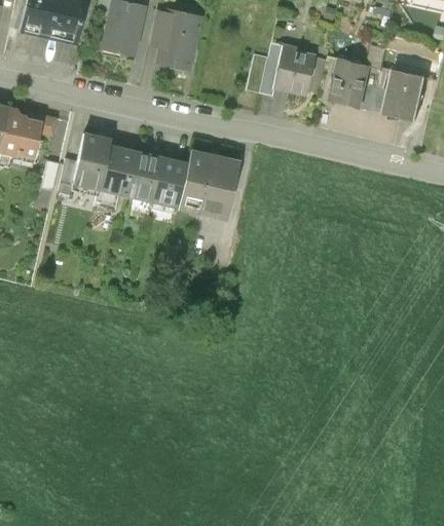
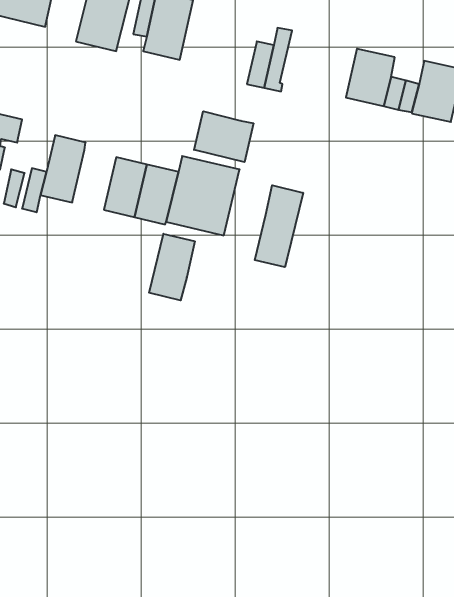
building: [273,44,314,96] -> none
building: none -> [194,111,253,162]
building: [99,145,136,195] -> none
building: none -> [255,185,303,267]
building: none -> [149,234,195,300]

